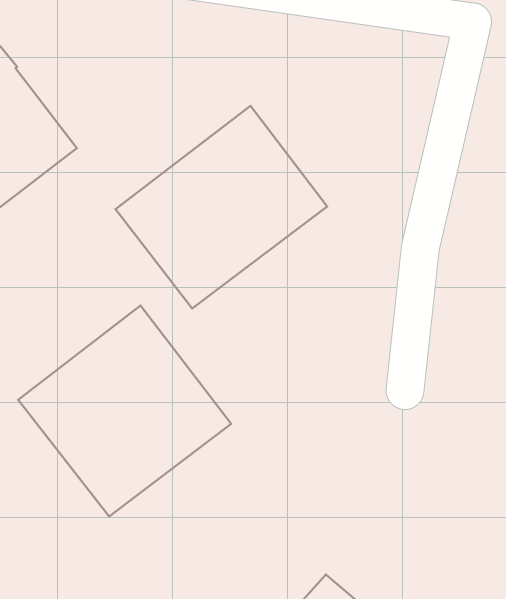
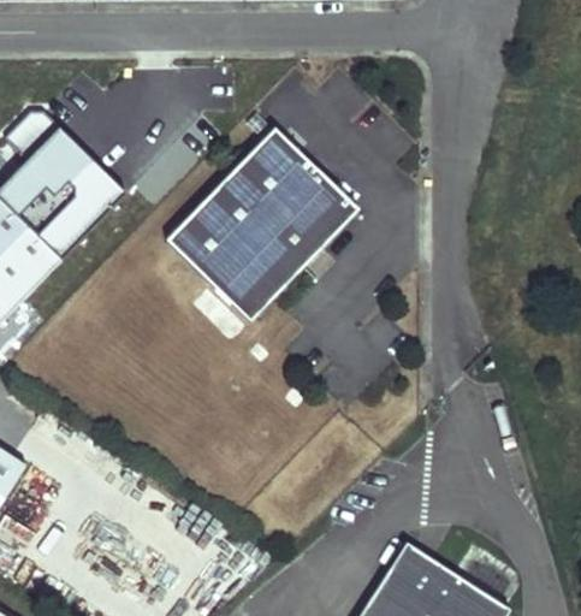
building: [18,306,231,517] -> none

